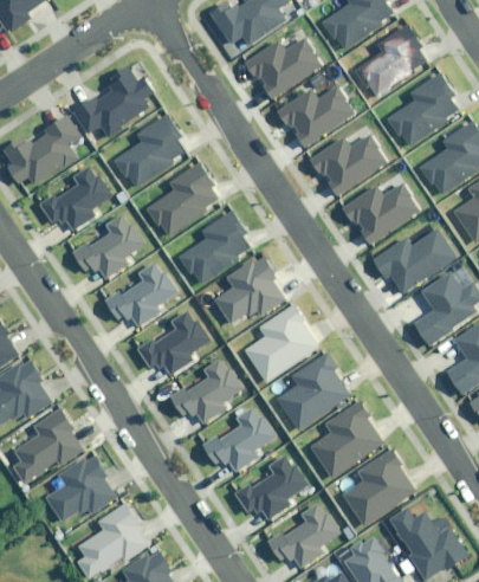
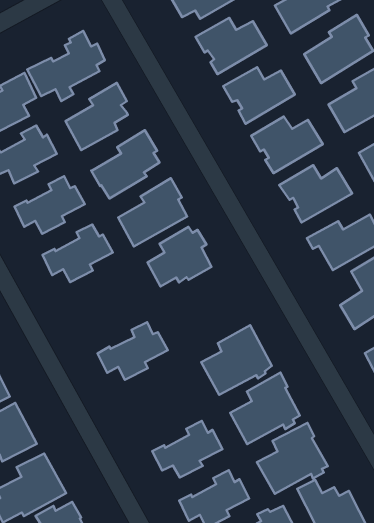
building: [246,305,321,381] -> none
building: [137,312,209,374] -> none
building: [202,409,274,470] -> none

